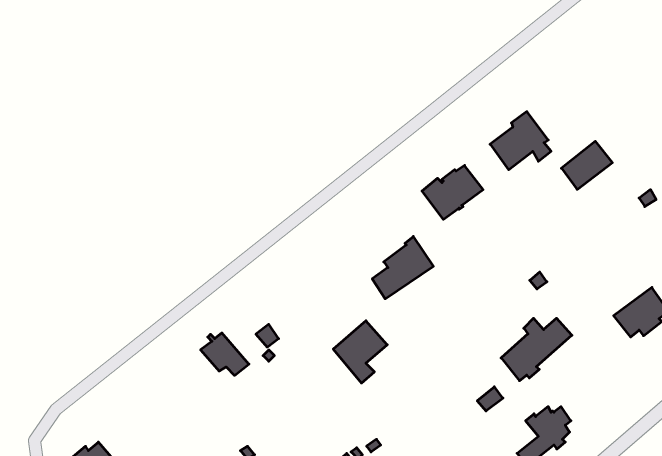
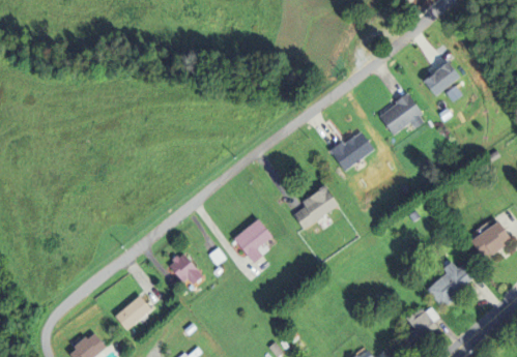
building: [561,141,612,189] -> [424,60,461,95]
building: [501,318,572,381] -> [427,261,479,306]
building: [333,321,387,383] -> [233,217,272,263]
building: none -> [114,295,151,331]

